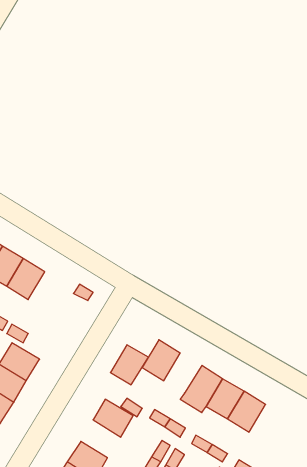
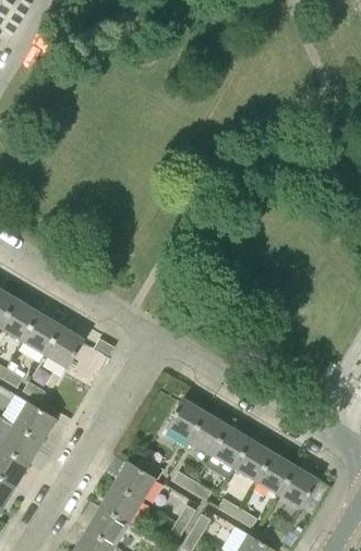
building: none -> [45,326,85,368]
building: [110,345,148,385] -> [189,412,229,454]
building: none -> [279,466,320,509]
building: none -> [100,482,143,523]

